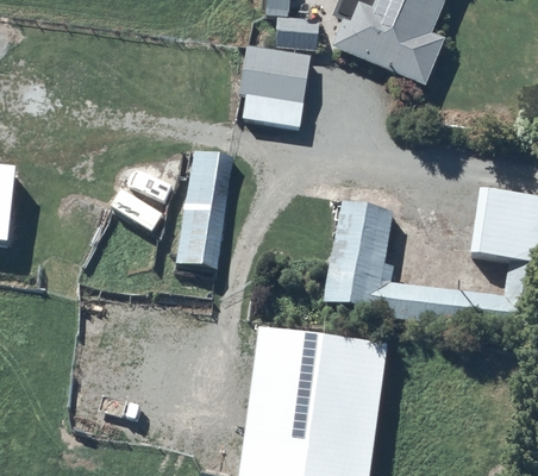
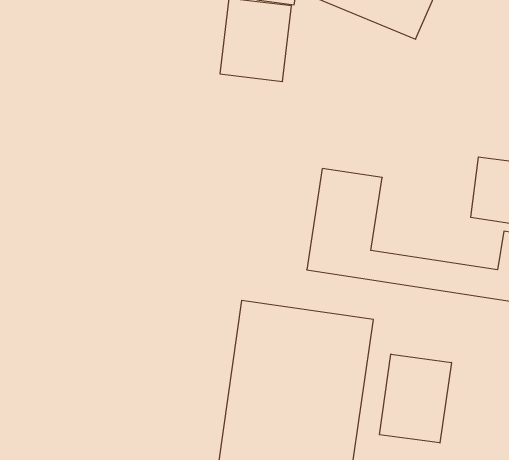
building: [177,151,231,267] -> none
building: none -> [380,354,451,443]

